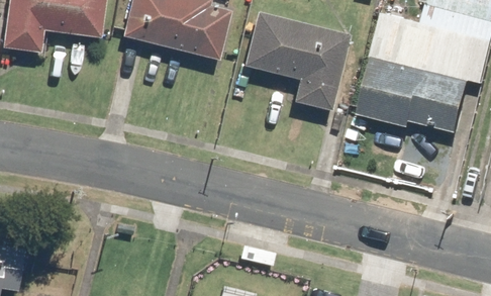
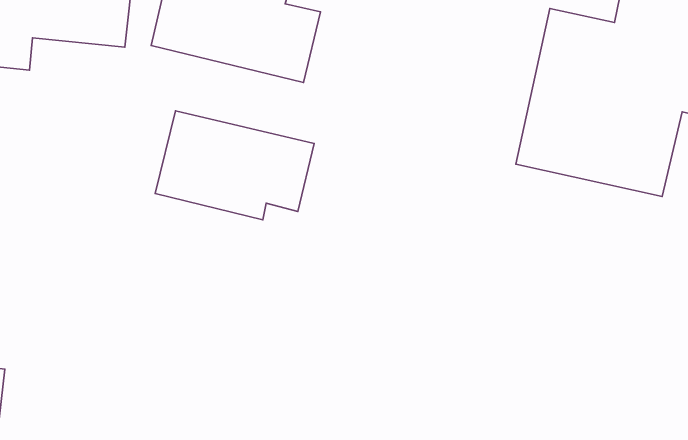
building: [245,12,349,110] -> none
building: none -> [155,111,314,220]

